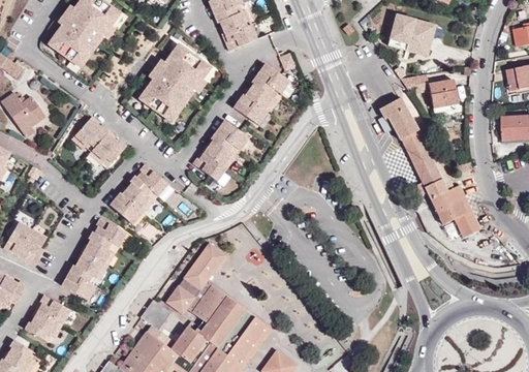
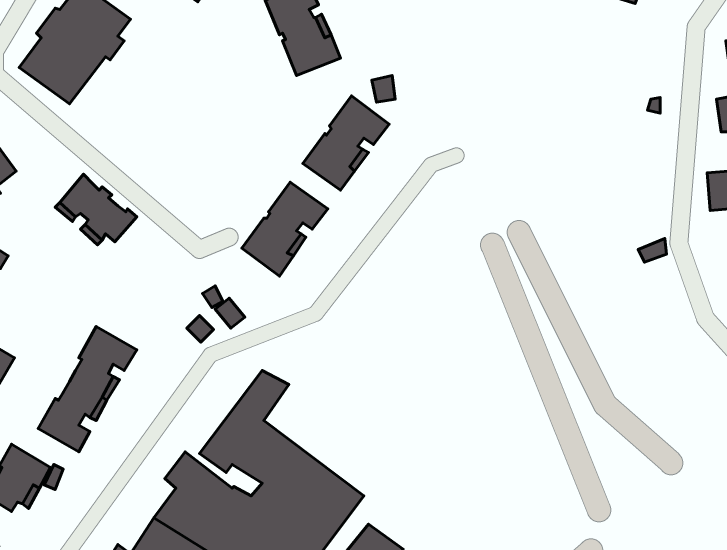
building: [388,17,434,55] -> none
building: [135,50,209,130] -> none
building: [427,80,457,113] -> none
building: [378,96,483,237] -> none
building: [107,163,165,223] -> none

